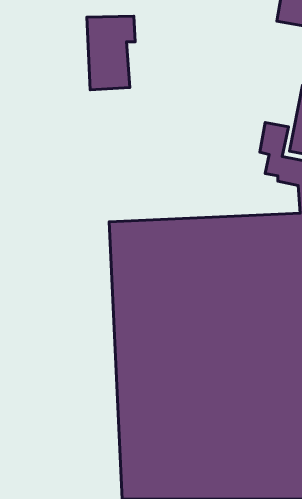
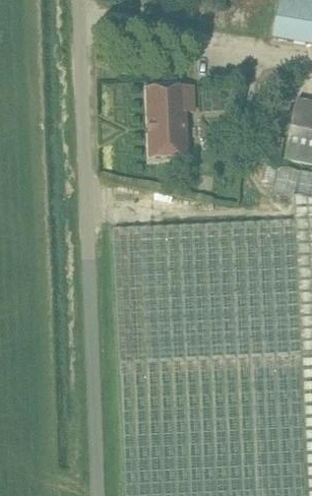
building: [87,16,135,90] -> [147,86,193,157]

